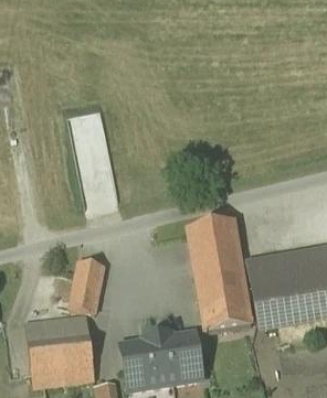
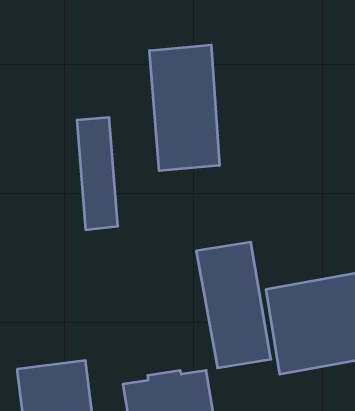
building: none -> [150,45,219,171]
building: [68,257,105,311] -> none

